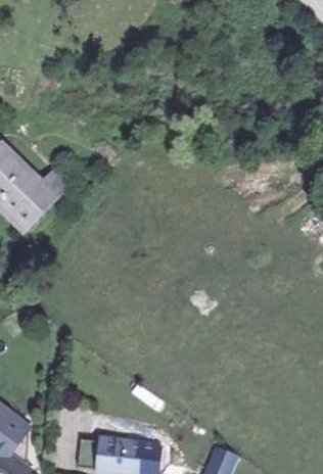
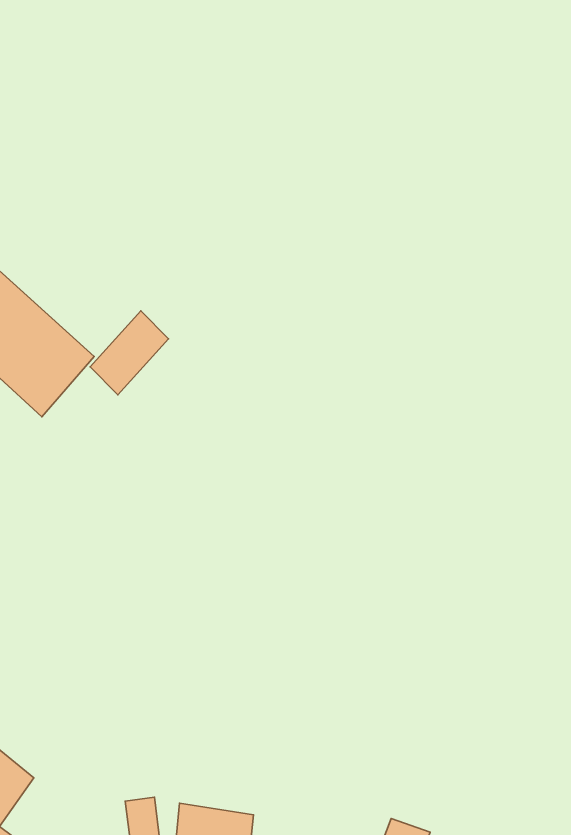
building: none -> [90,311,169,395]

